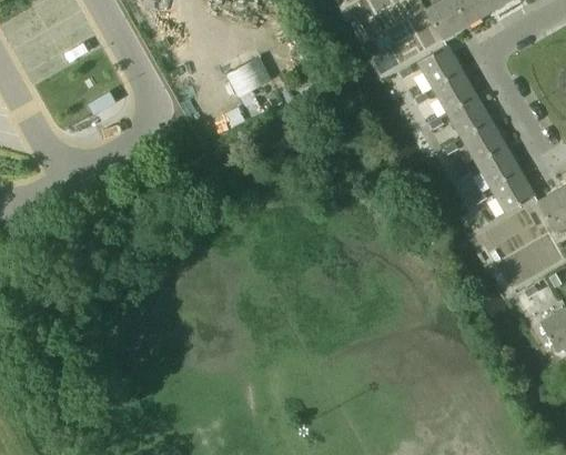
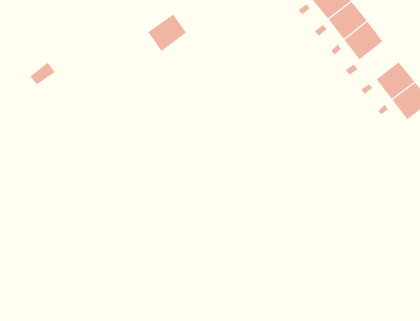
building: [461,120,505,162] -> none

